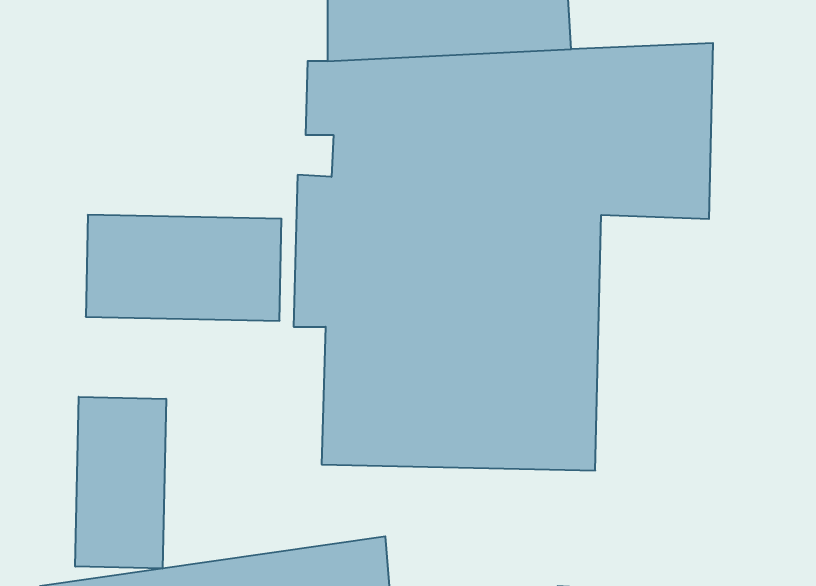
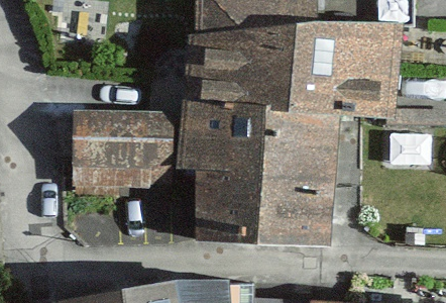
building: [75,397,166,569] -> none

